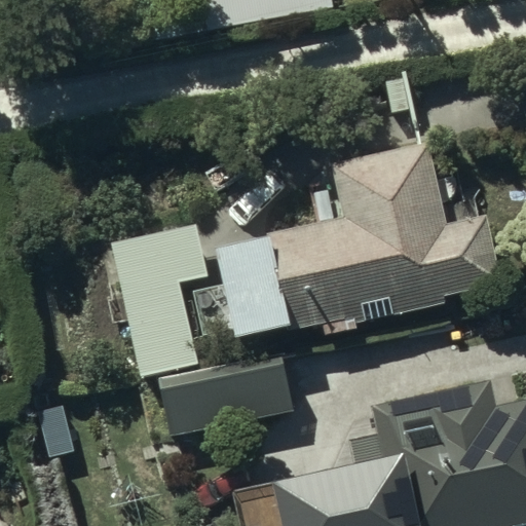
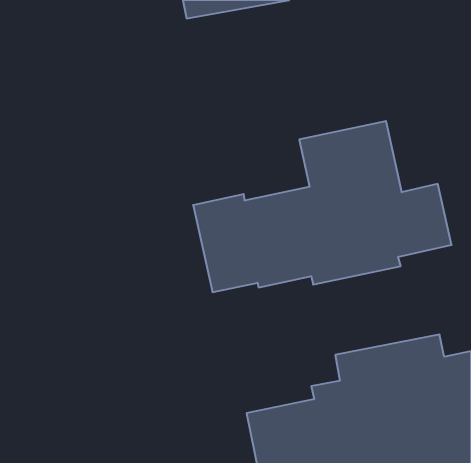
building: [112,224,205,376] -> none
building: [158,353,293,435] -> none

